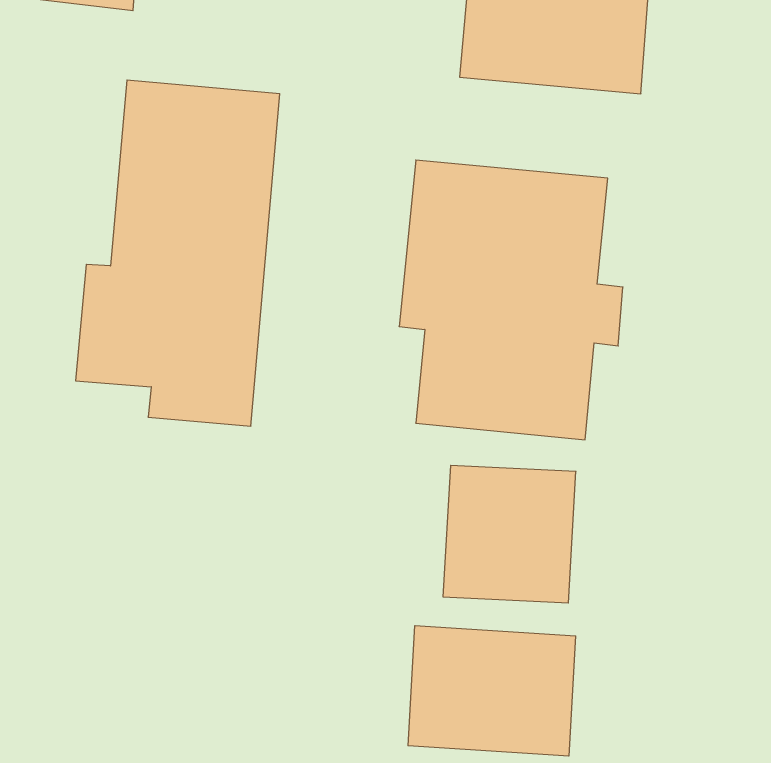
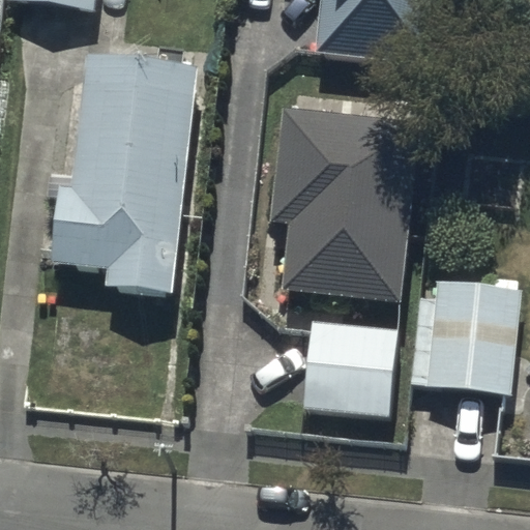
building: none -> [411,278,518,392]
building: [408,626,576,756] -> none

